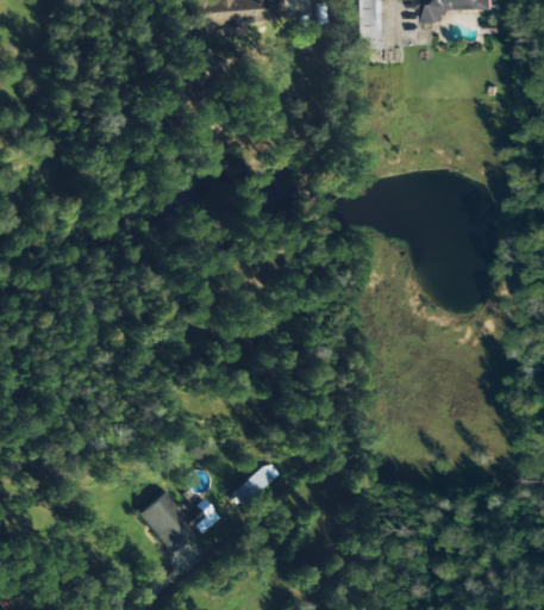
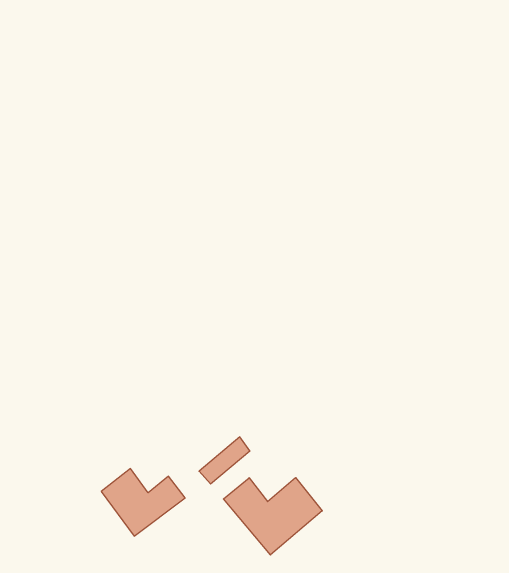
building: none -> [223,478,322,555]

